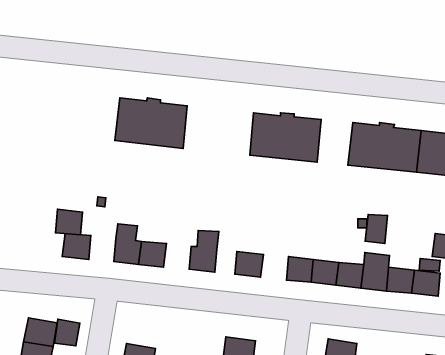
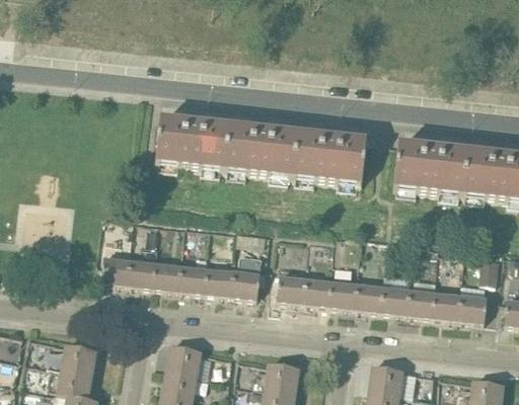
building: none -> [225,127,297,177]
building: [56,209,82,235] -> [129,259,156,286]
building: [365,214,387,243] -> none
building: none -> [205,267,233,294]
building: none -> [304,278,332,305]
building: none -> [167,344,202,375]
building: [54,319,80,346] -> none

